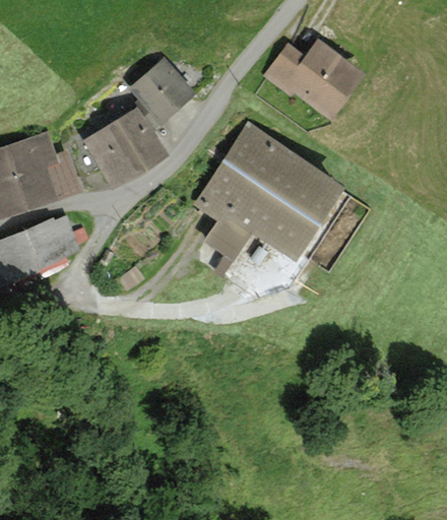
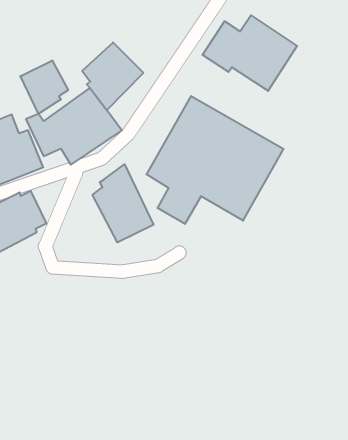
building: none -> [20,60,68,114]
building: none -> [93,164,154,242]

